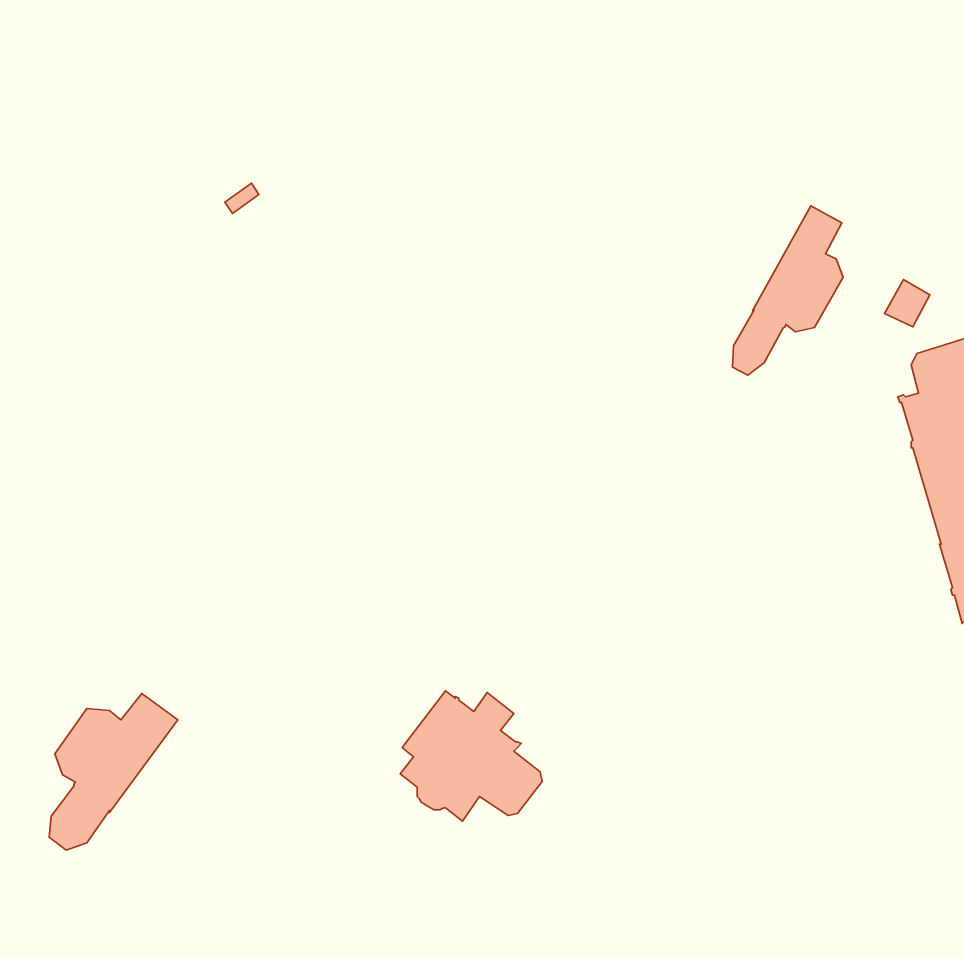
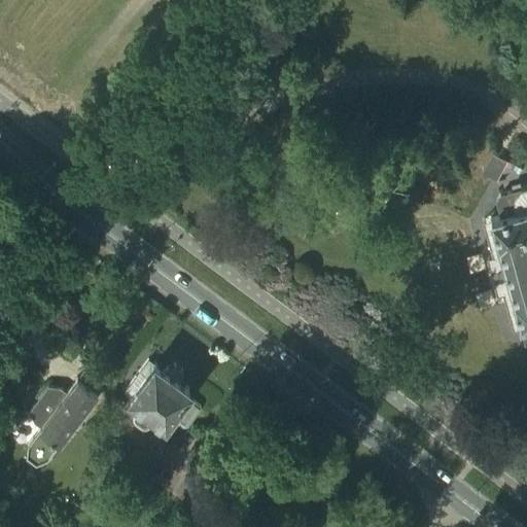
building: [733,206,843,375] -> none
building: [400,691,542,821] -> [125,362,202,433]

